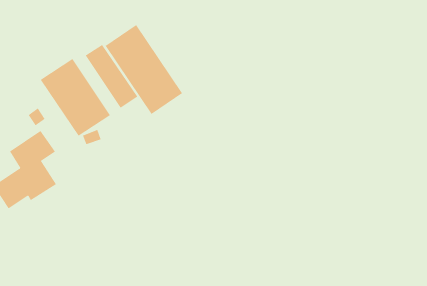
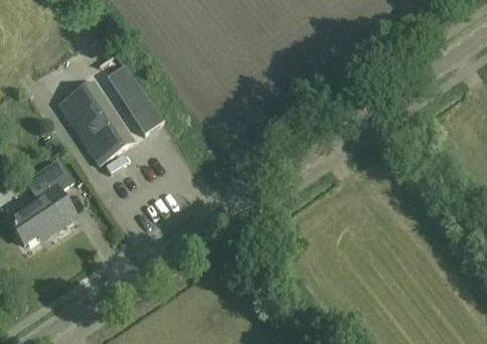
building: [105,24,183,115] -> none

